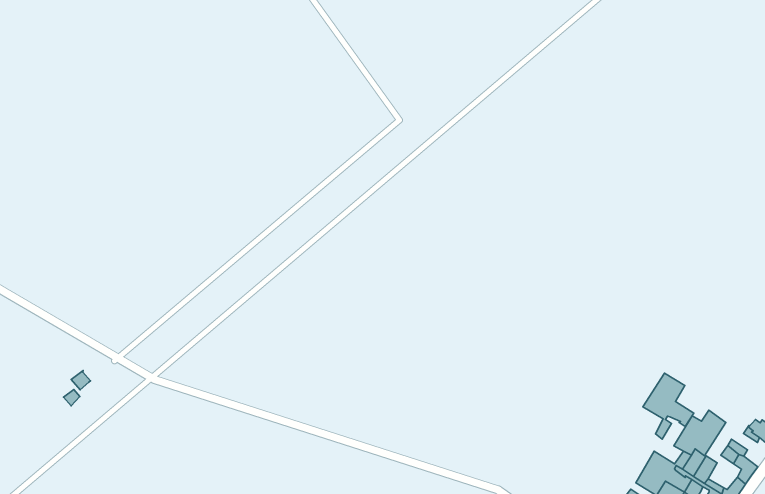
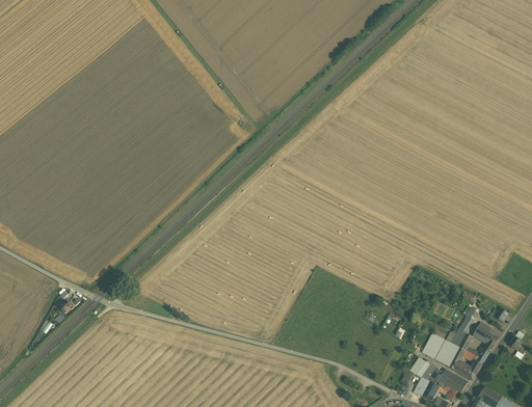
building: [643,373,694,439] -> none

